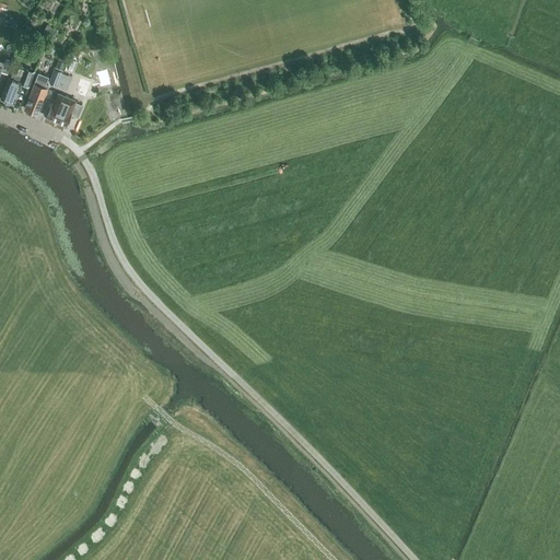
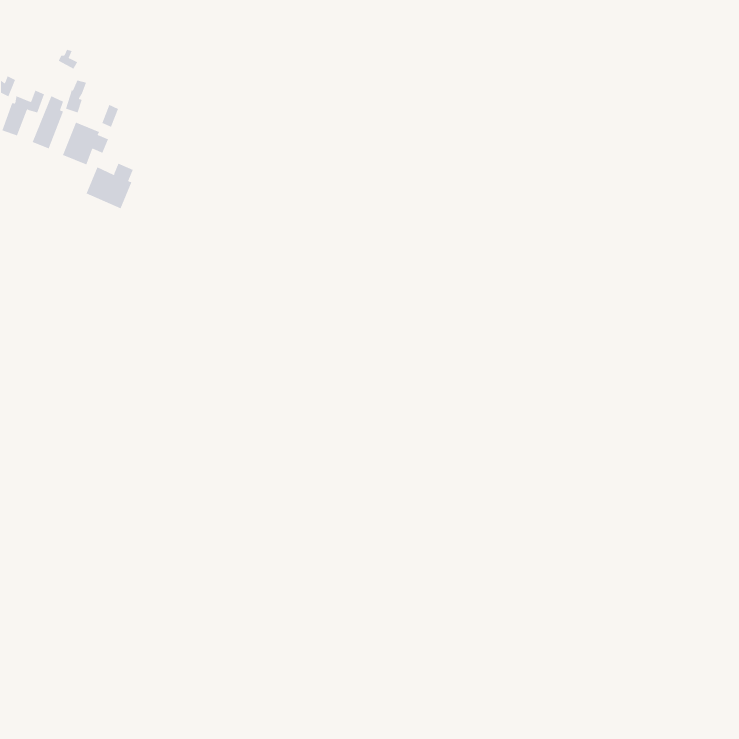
building: none -> [86,163,133,209]

